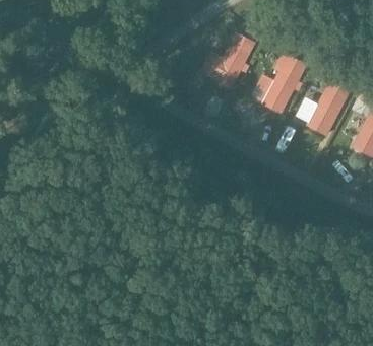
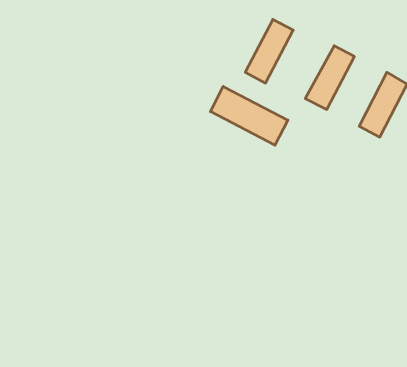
building: none -> [210,86,288,145]

